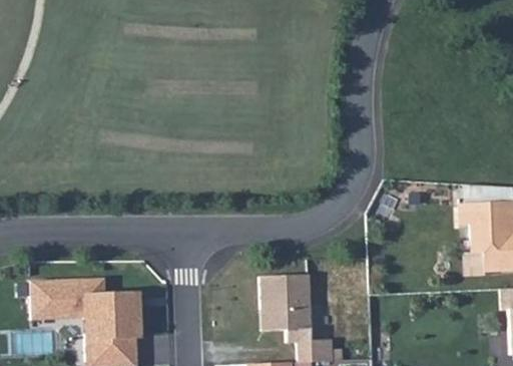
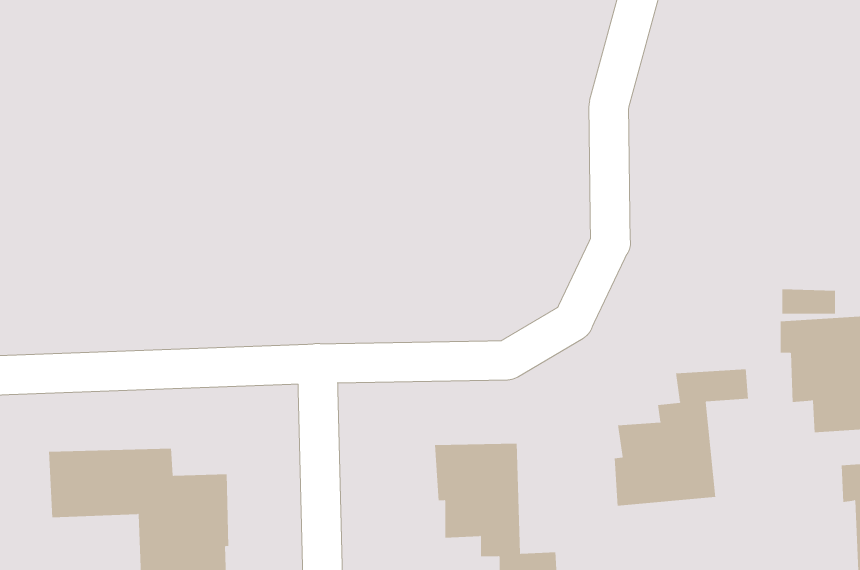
building: none -> [614,368,749,506]

